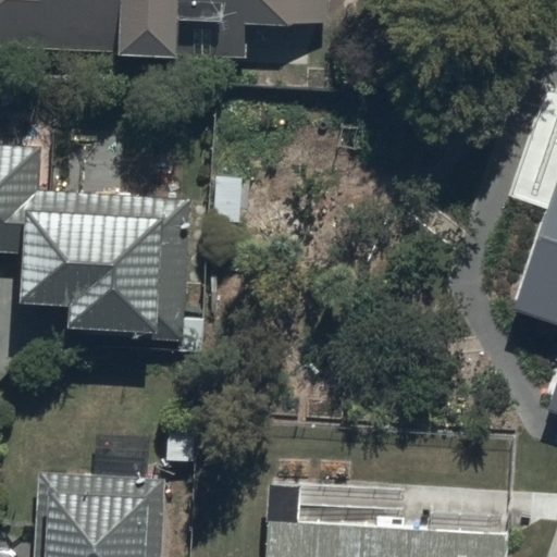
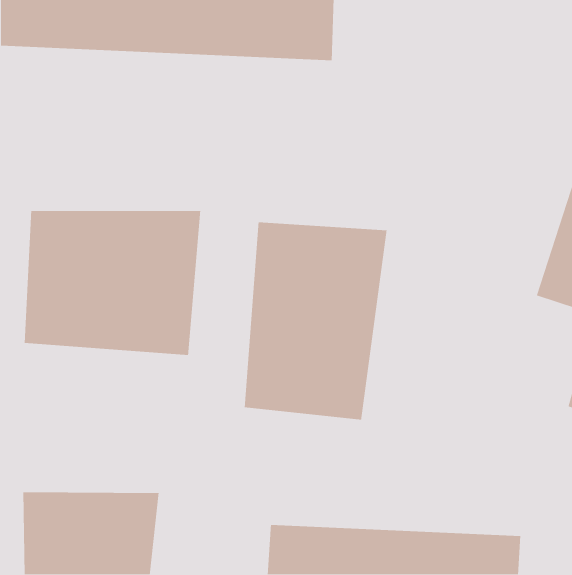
building: none -> [244,222,387,420]

